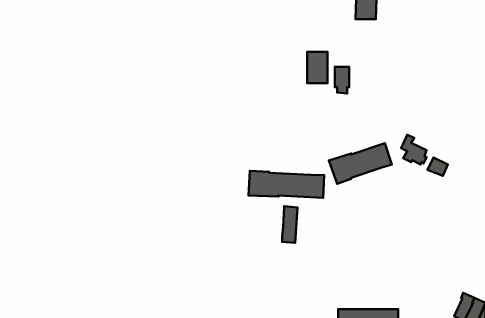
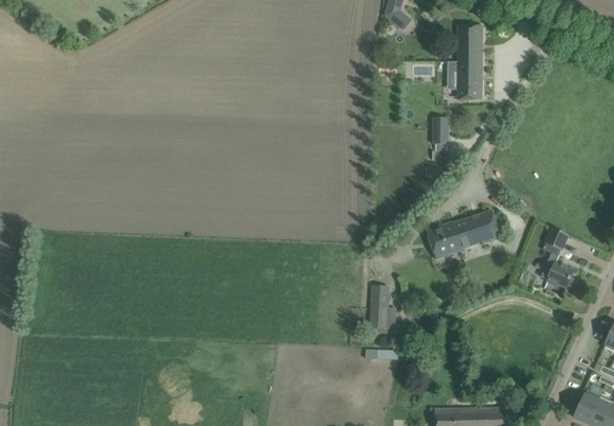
building: [307,52,328,83] -> [456,62,481,100]
building: [401,135,427,164] -> [542,252,573,288]
building: [248,171,324,198] -> none

